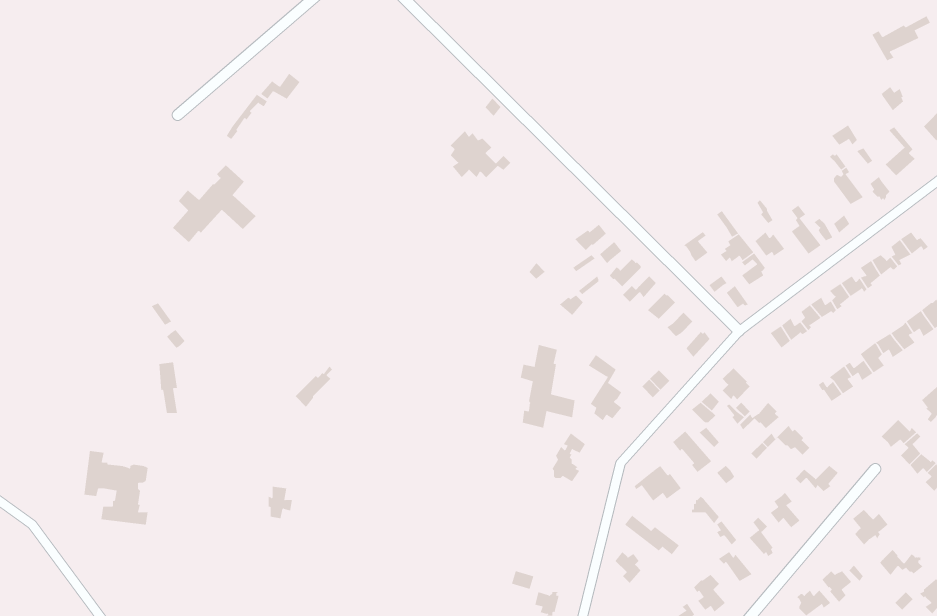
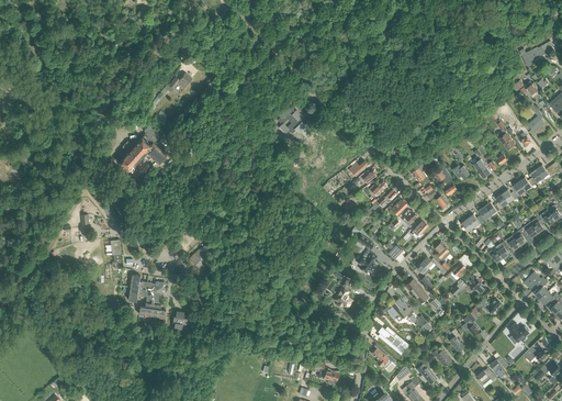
building: [520,344,575,429] -> none
building: [83,451,149,525] -> [128,275,166,318]

